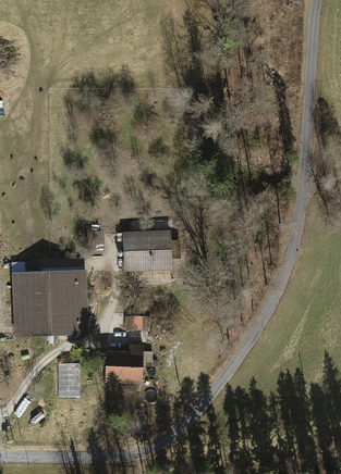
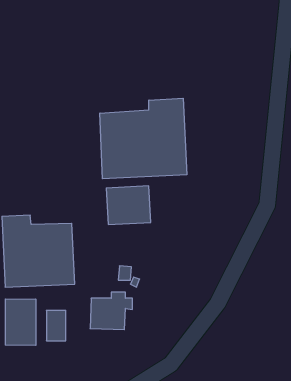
building: none -> [100,98,187,179]
building: none -> [5,299,36,345]

